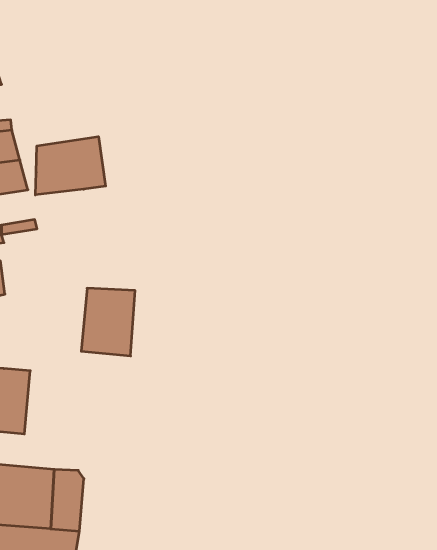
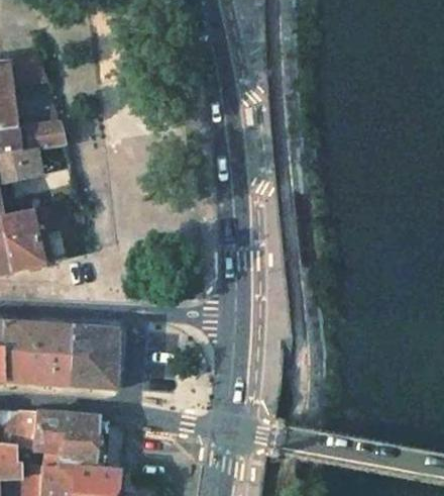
building: [35,137,106,195] -> none
building: [81,288,135,356] -> [68,331,115,391]

